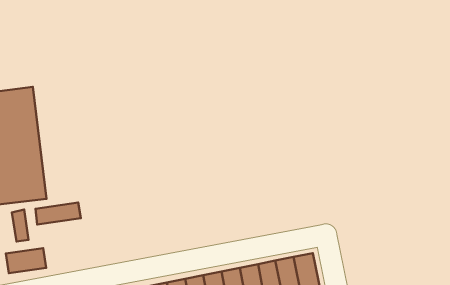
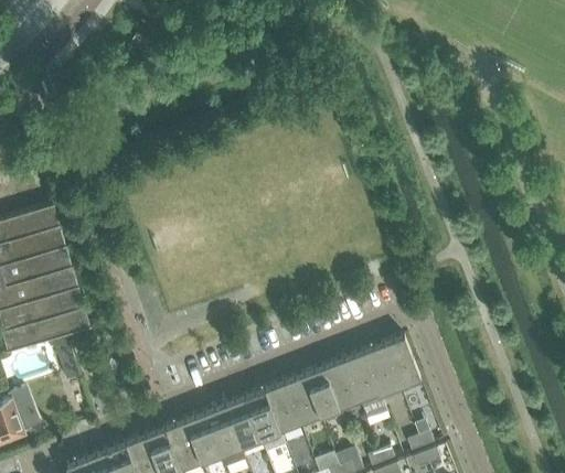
building: [36,203,81,225] -> none
building: [6,248,46,273] -> none

